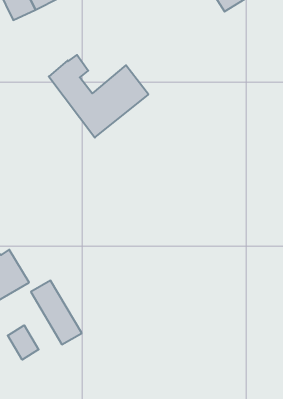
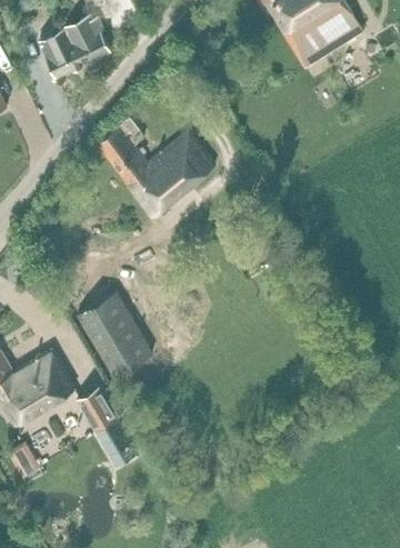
building: none -> [77,291,153,377]
building: [8,325,39,360] -> none

